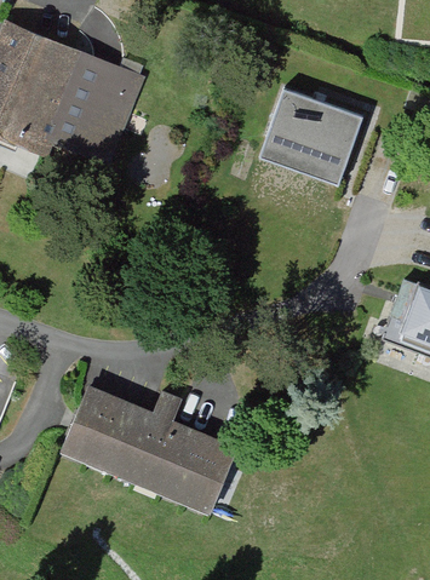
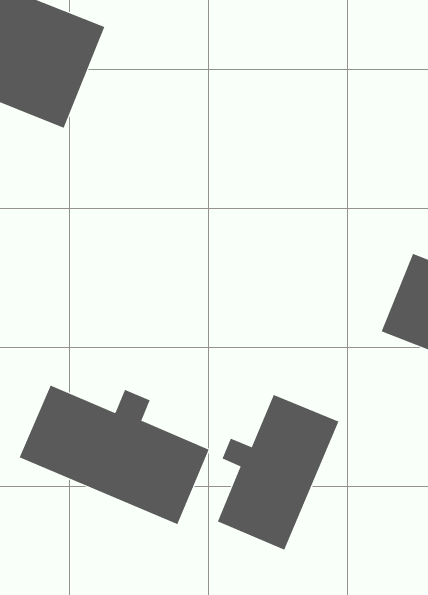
building: [262,87,369,182] -> none
building: none -> [217,394,339,550]

